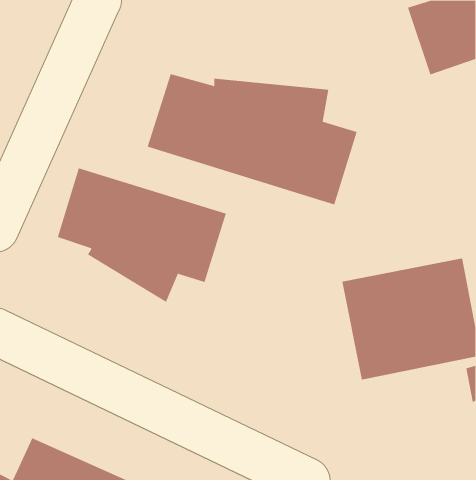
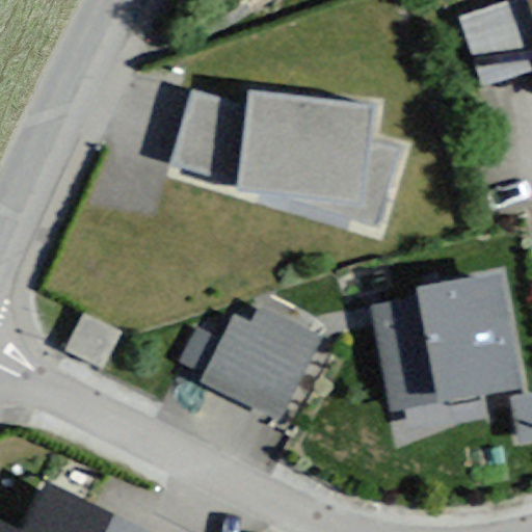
building: [57,167,226,303] -> none
building: none -> [206,315,323,426]

